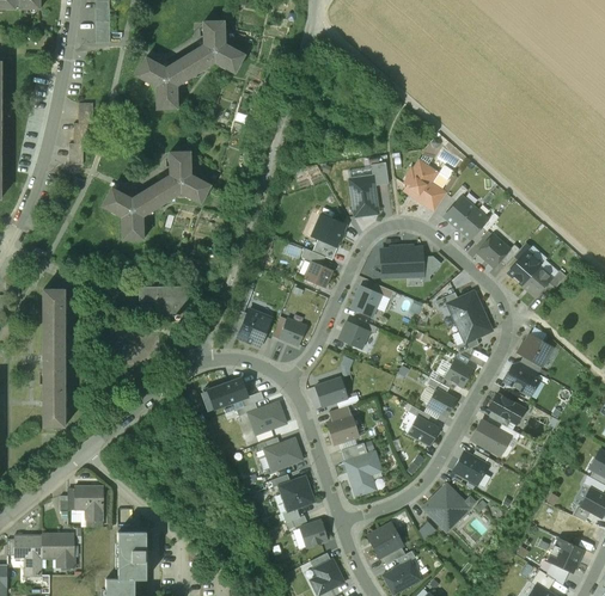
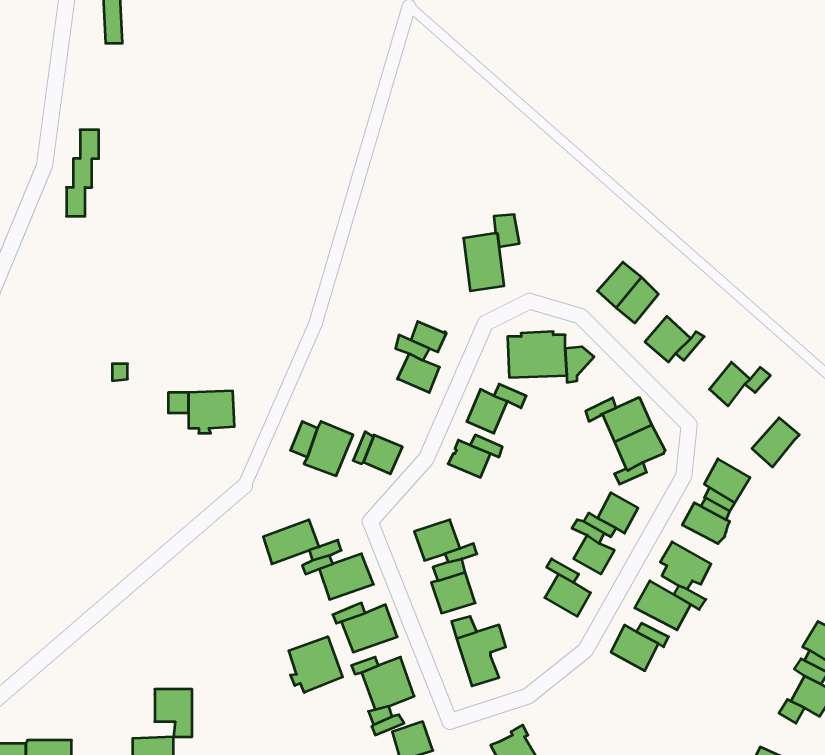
building: [135,21,244,109] -> none
building: [102,152,209,240] -> none
building: [403,160,447,210] -> none
building: [311,214,346,246] -> none
building: [508,251,542,285] -> [752,418,799,467]
building: [42,289,63,425] -> none
building: none -> [289,637,343,693]
building: [421,483,475,532] -> none
building: [75,486,102,520] -> [155,689,192,737]

